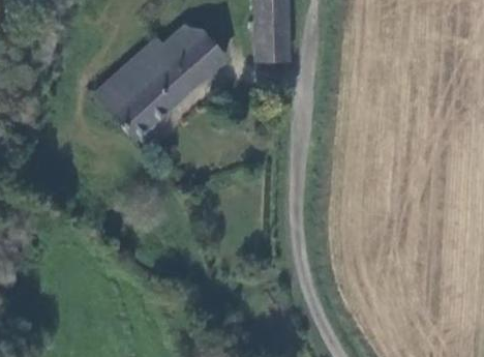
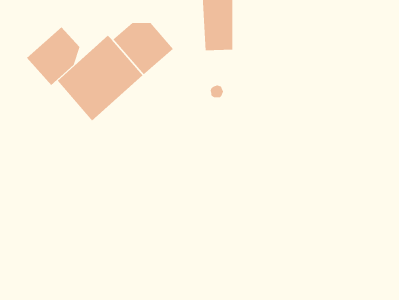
building: none -> [26,26,80,86]

